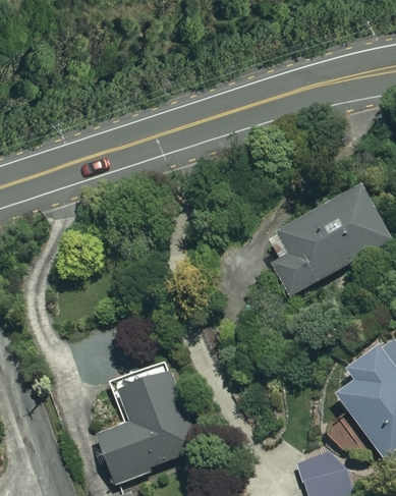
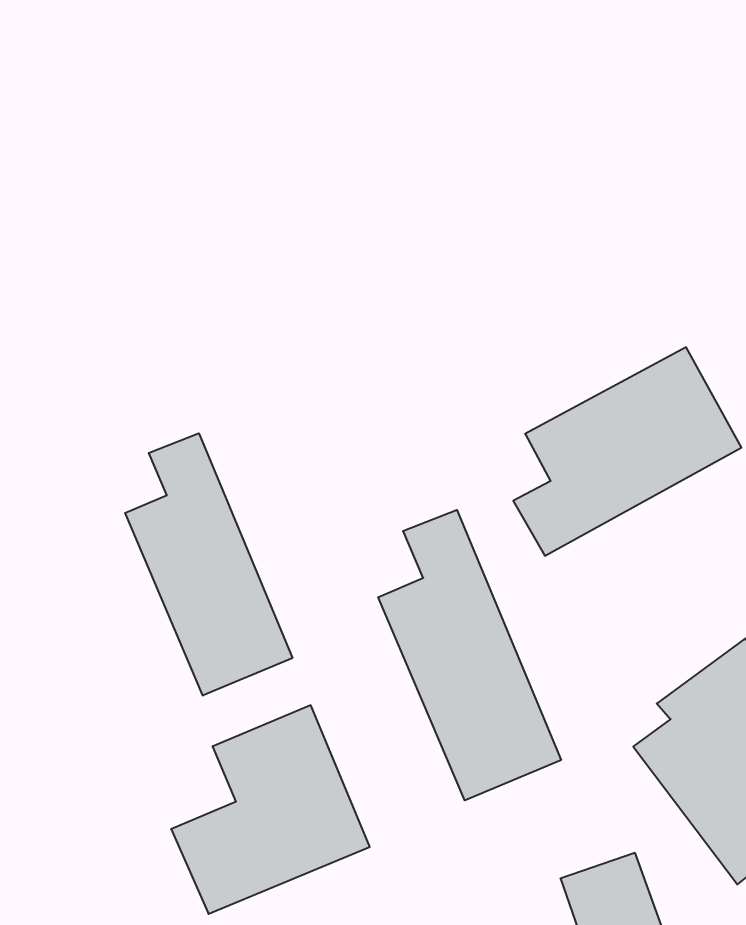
building: none -> [125,433,292,696]
building: none -> [378,510,561,800]

